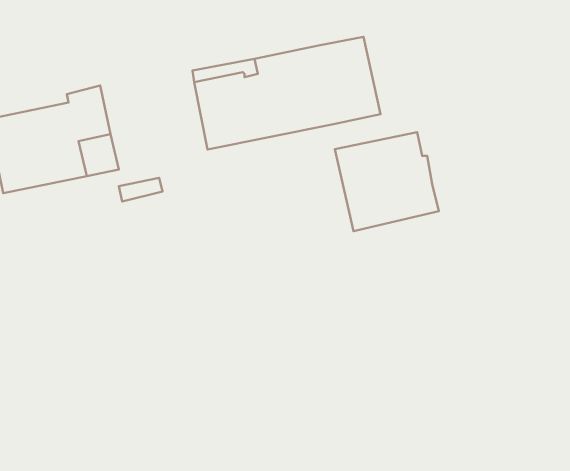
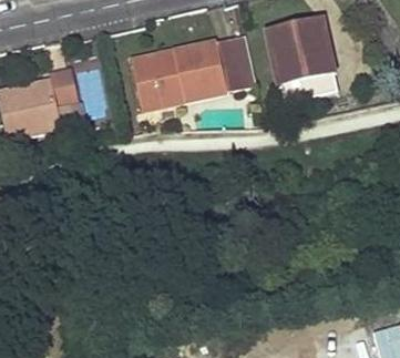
building: [335,132,439,231] -> [267,20,336,85]

